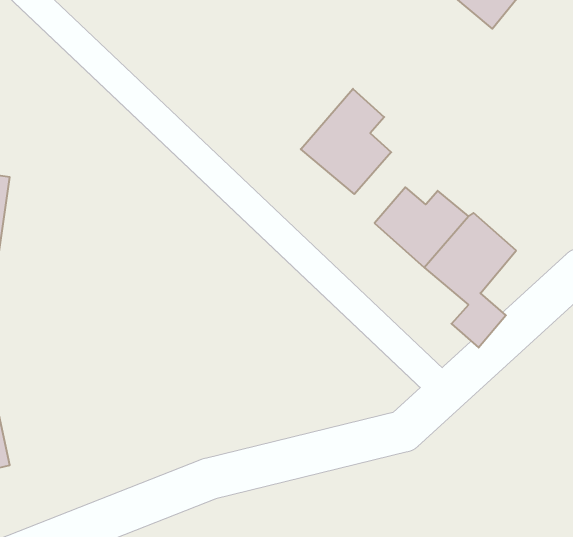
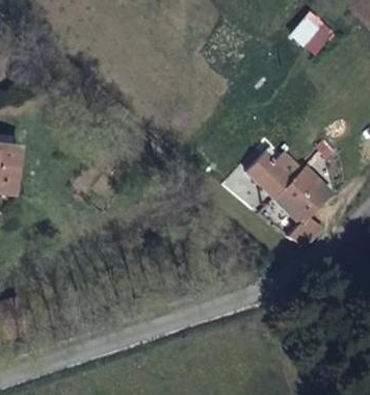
building: [301,89,391,194] -> none

